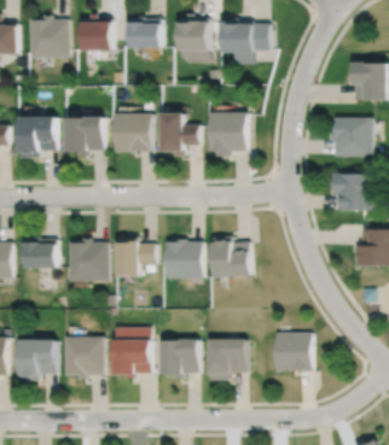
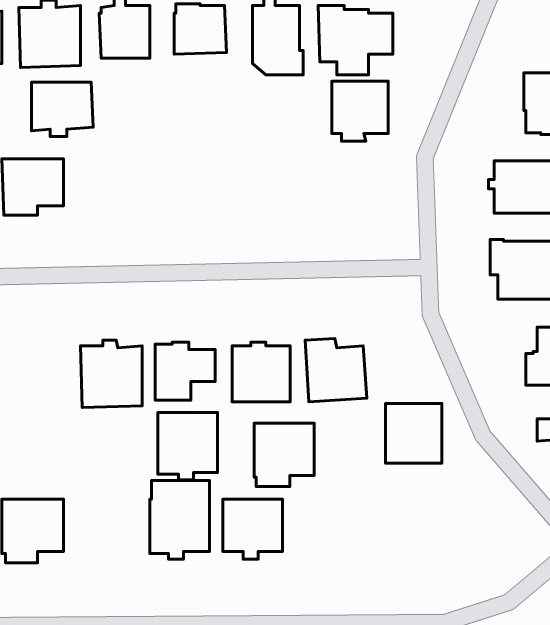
building: [114,116,152,151] -> none
building: [209,116,245,154] -> [332,81,388,141]
building: [161,118,199,154] -> none
building: [64,119,104,154] -> [31,82,93,137]
building: [22,236,56,267] -> none
building: [274,332,310,370] -> [386,403,442,463]
building: [63,335,101,379] -> [158,413,218,480]
building: [207,338,245,379] -> [254,423,314,487]

